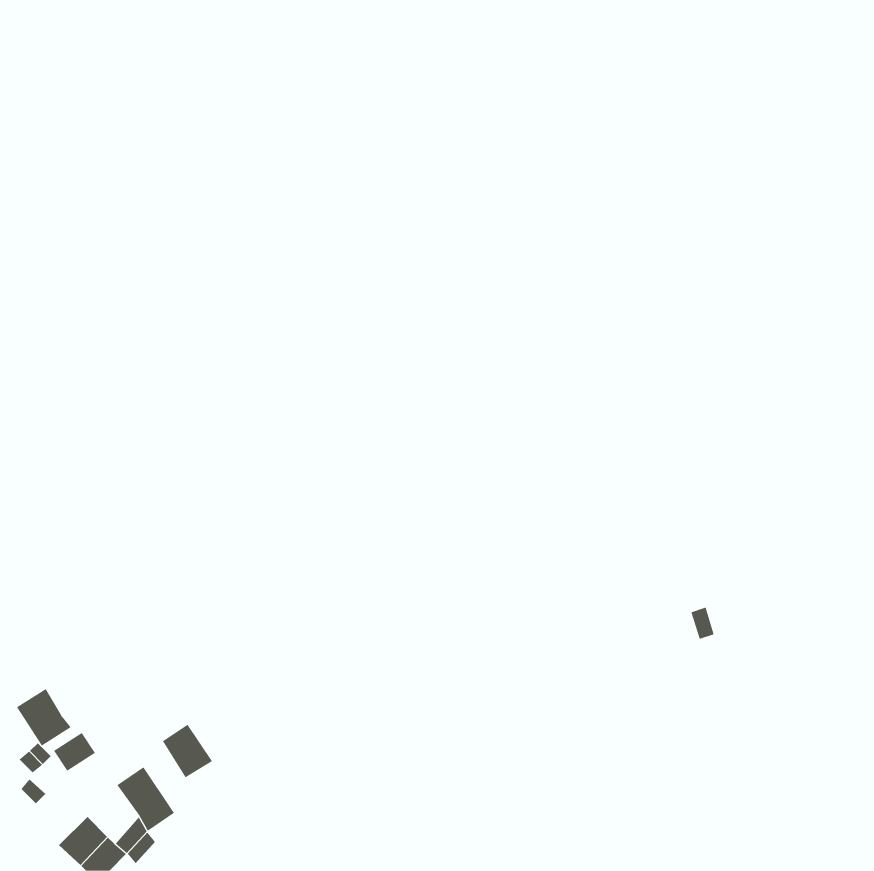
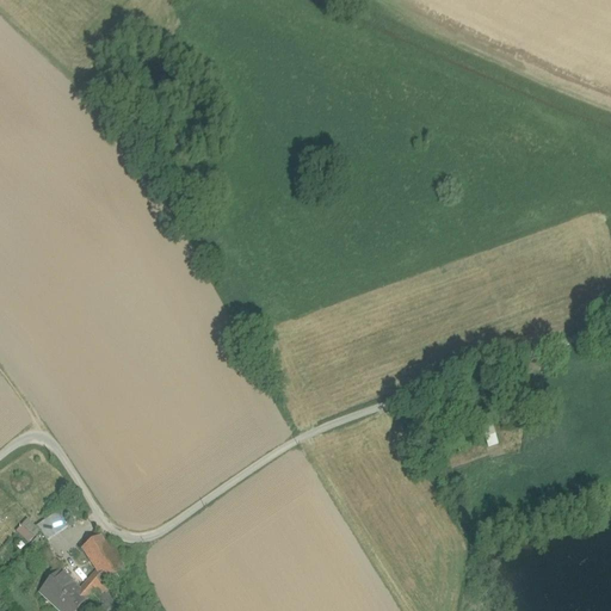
building: [16,688,71,746] -> none
building: [162,724,213,778] -> none

